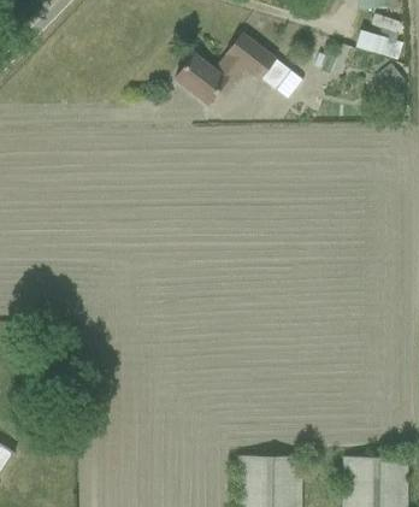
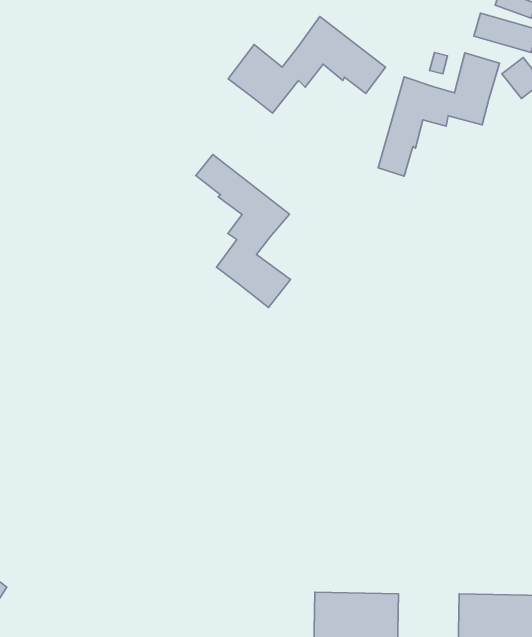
building: none -> [378,53,500,176]
building: none -> [196,155,291,307]

